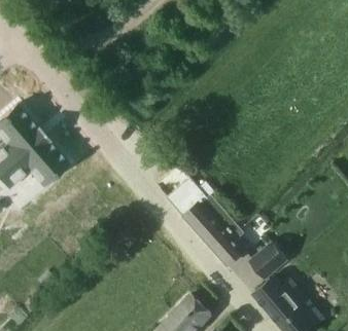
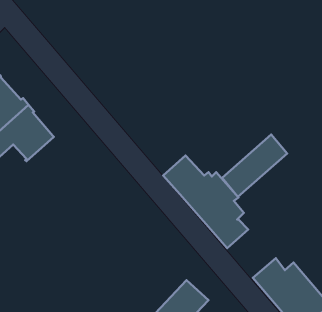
building: none -> [222,134,287,197]
building: [248,242,288,282] -> none

